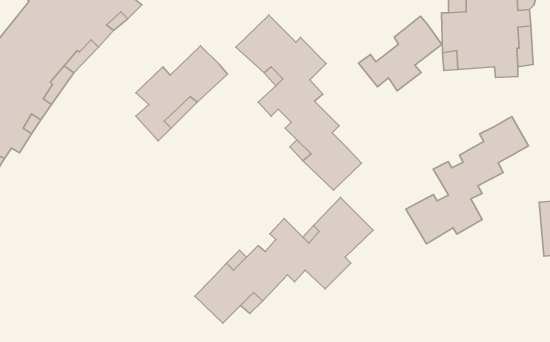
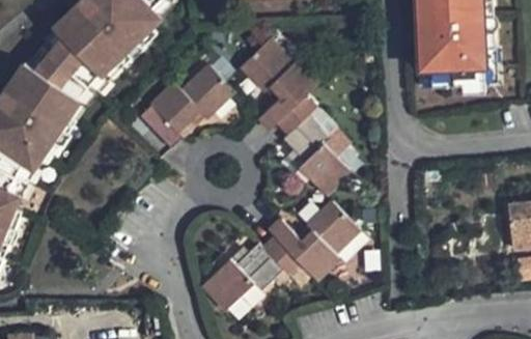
building: [359,16,442,91] -> none
building: [406,117,528,244] -> none

